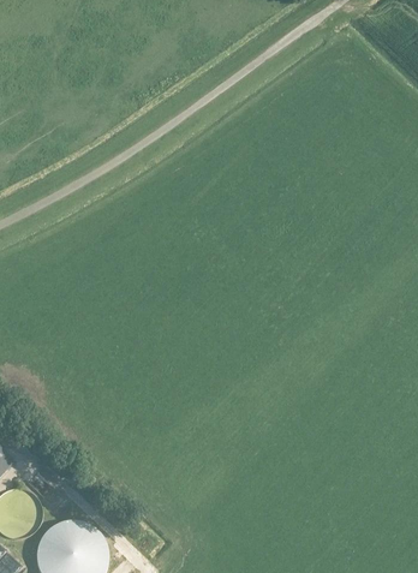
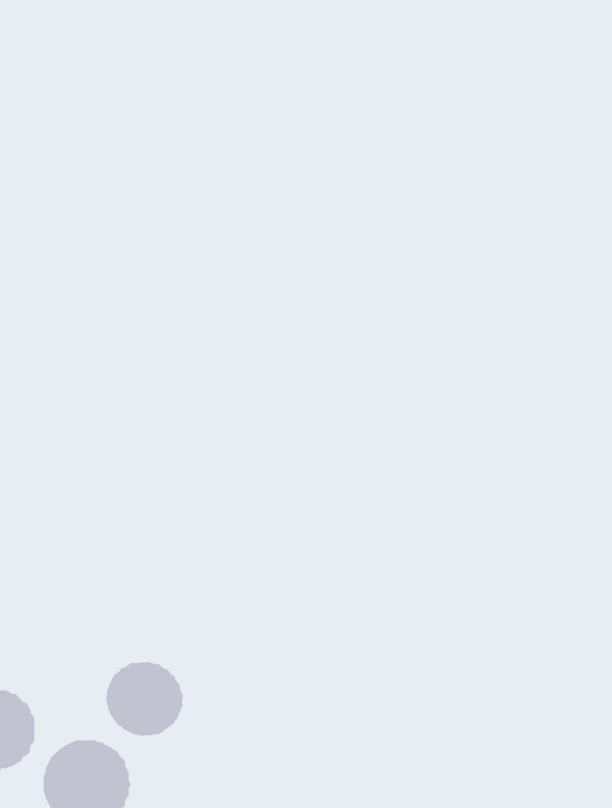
building: none -> [106,661,183,736]

